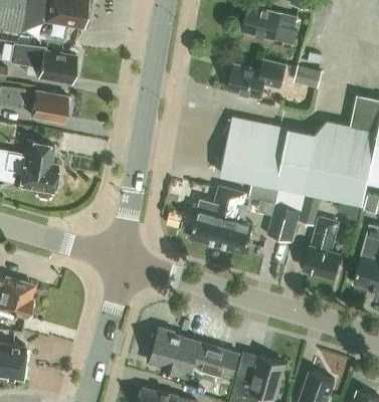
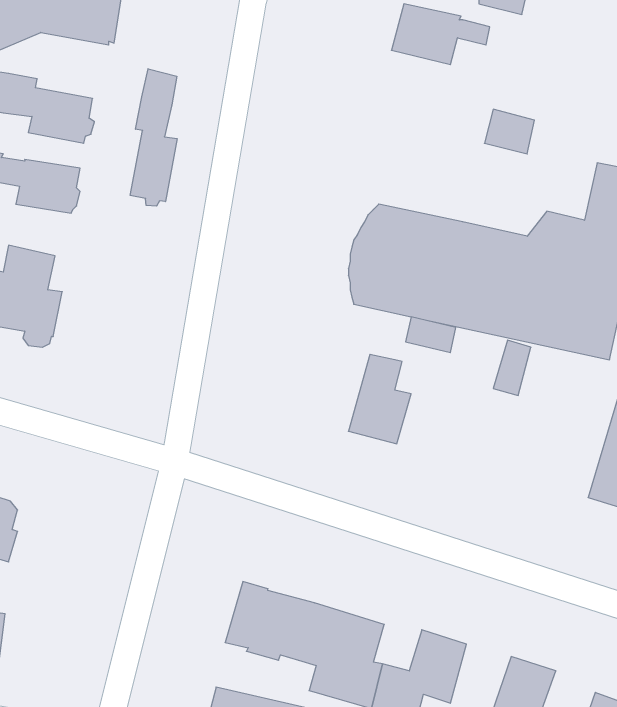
building: none -> [130,69,177,206]
building: [228,62,287,97] -> none
building: [191,186,247,245] -> none
building: [267,203,300,242] -> none
building: [304,218,341,278] -> none

